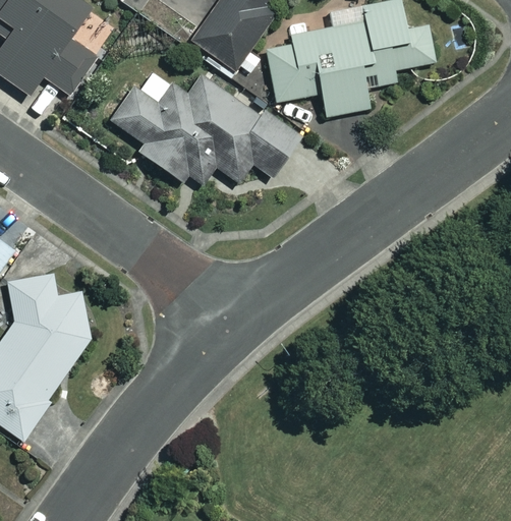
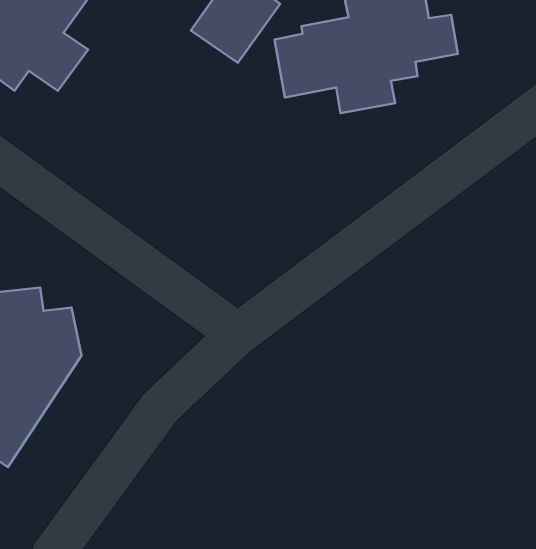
building: [110,68,302,191] -> none

